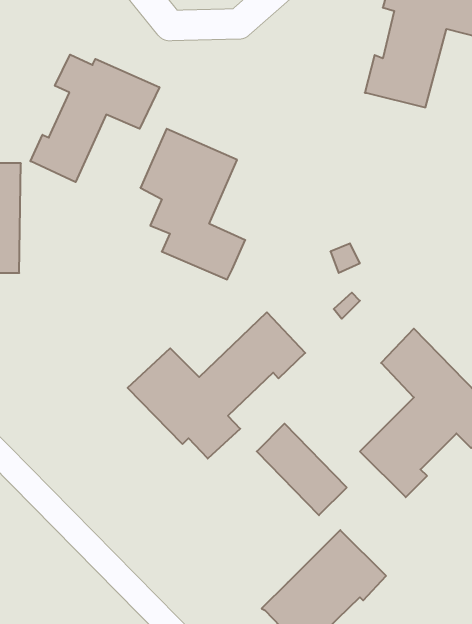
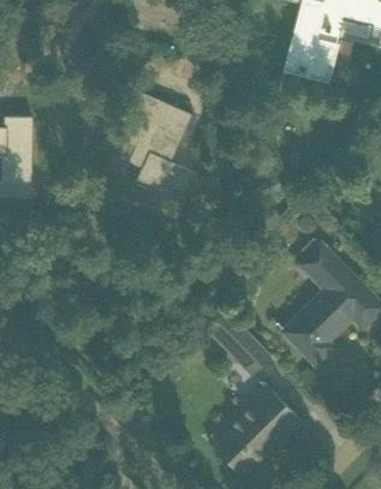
building: [30,55,159,182] -> none
building: [128,312,305,459] -> none

